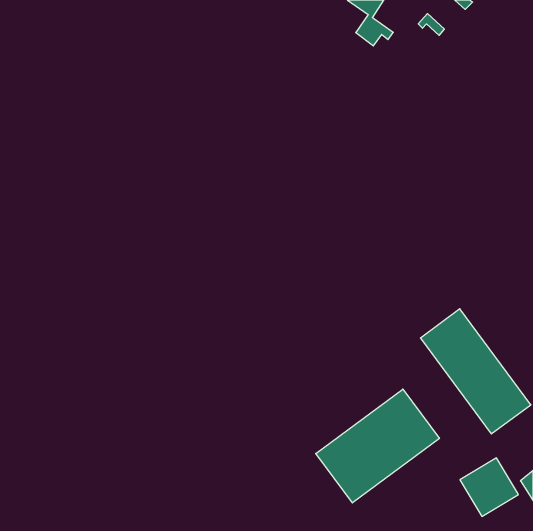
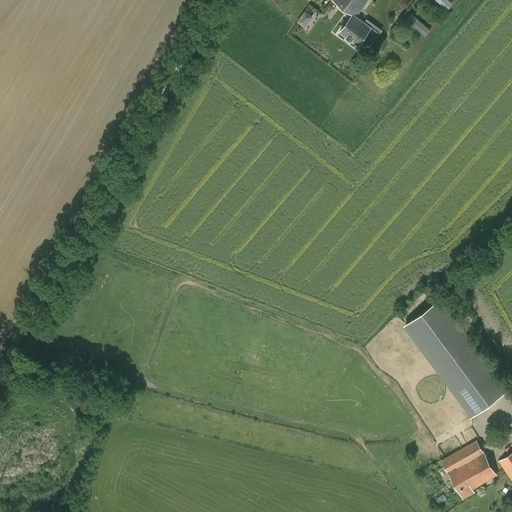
building: [316,389,439,503] -> none

